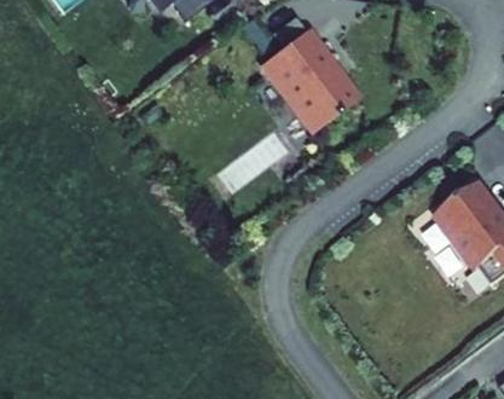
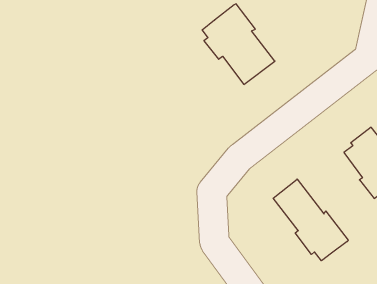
building: none -> [273,179,348,261]

